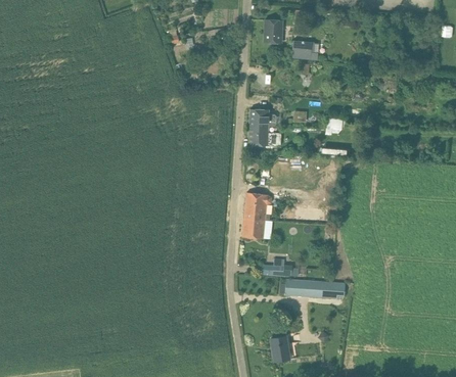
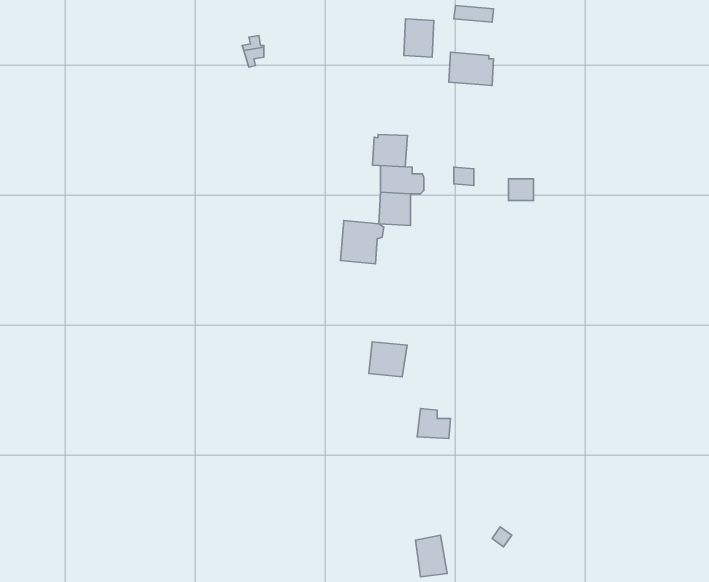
building: none -> [372,134,407,167]
building: [244,193,271,220] -> [341,220,384,264]
building: [285,279,346,298] -> none

